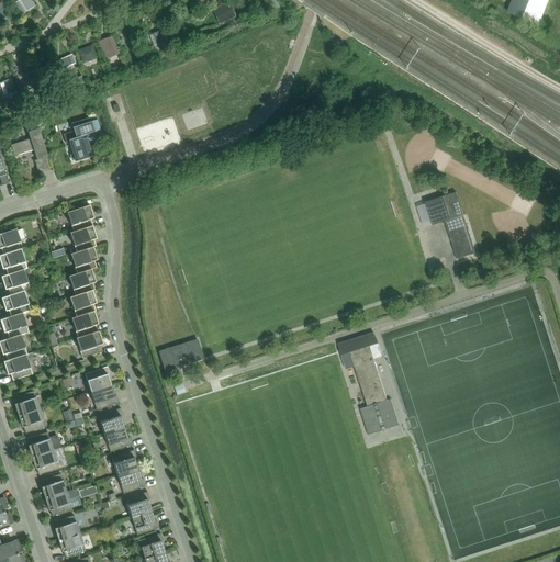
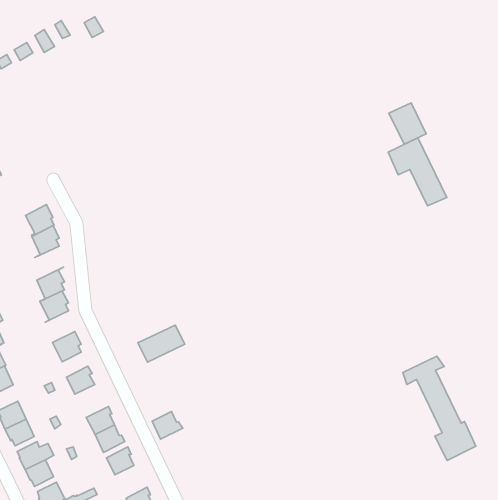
building: [63,119,100,162] -> none
building: none -> [389,103,426,144]
building: [68,247,97,277] -> none
building: [71,311,99,339] -> none
building: [338,333,399,435] -> [403,356,476,461]
building: [90,385,119,411] -> none
building: [117,469,146,494] -> [152,411,183,439]

